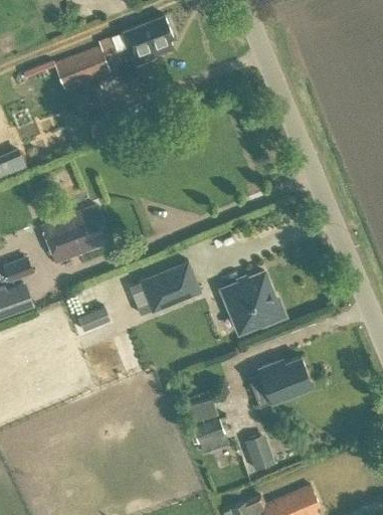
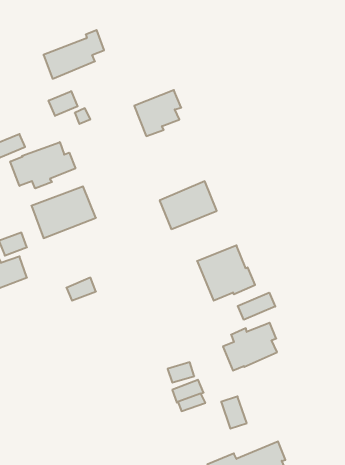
building: [121,16,172,66] -> [134,90,181,136]
building: none -> [49,91,78,116]
building: none -> [10,142,75,188]
building: [139,262,201,314] -> [160,181,217,229]
building: none -> [238,293,275,320]

